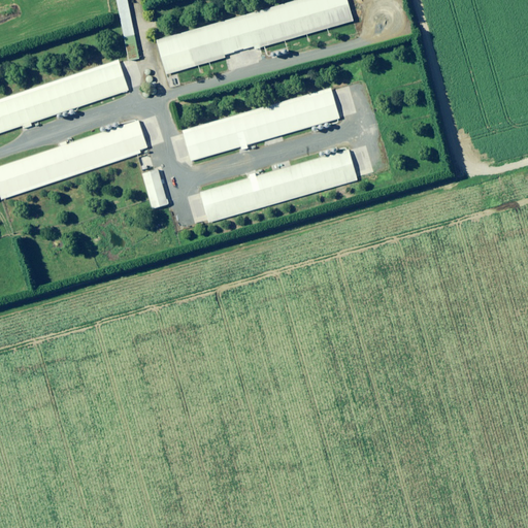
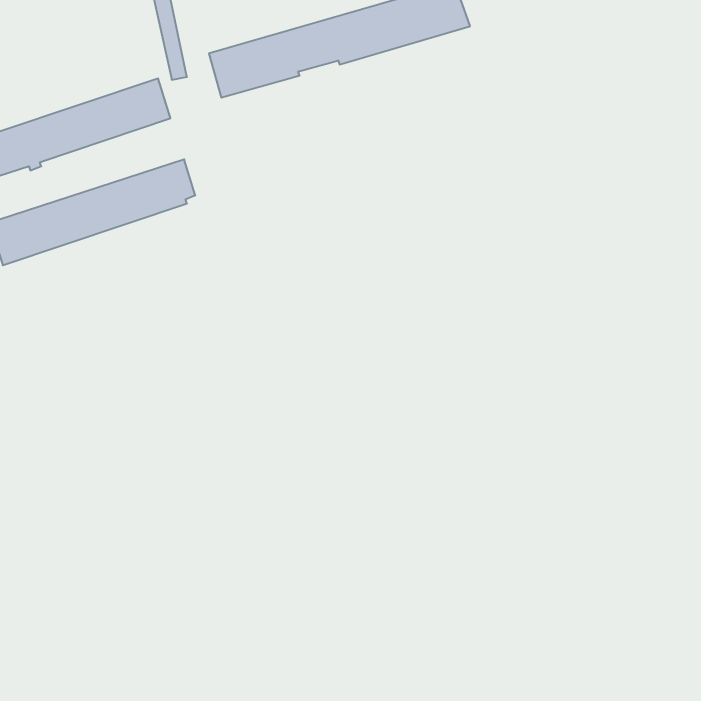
building: [183,88,338,160] -> none
building: [200,150,356,222] -> none
building: [142,168,168,208] -> none

